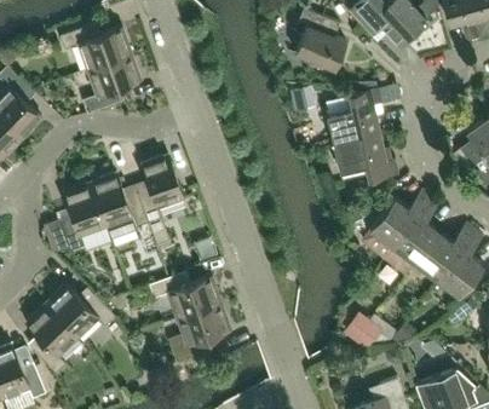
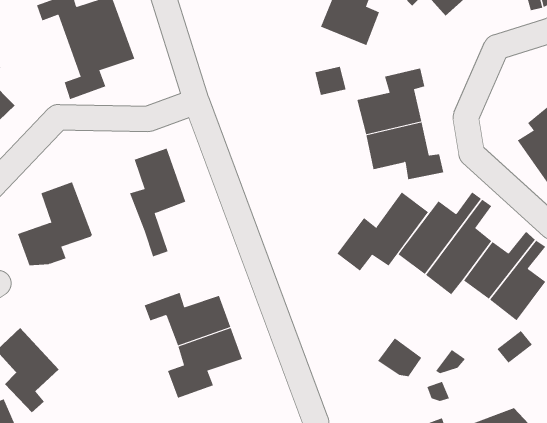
building: [90,173,149,240] -> none
building: none -> [337,192,429,272]
building: [46,284,115,339] -> none

